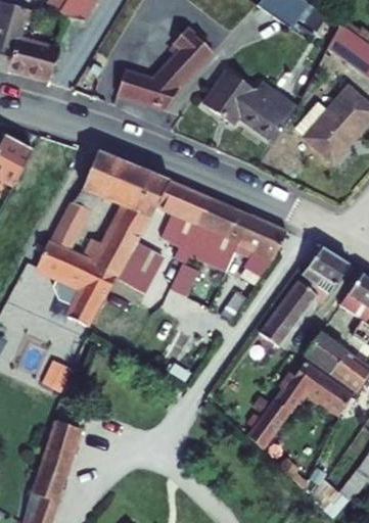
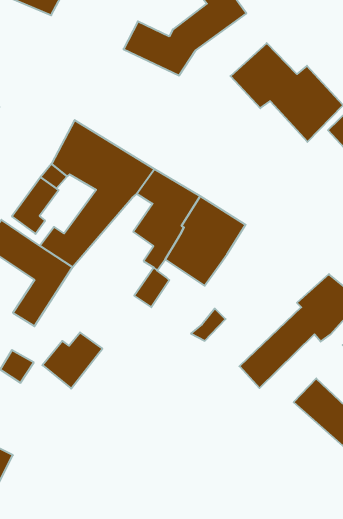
building: [229,218,280,285] -> none
building: [110,249,157,296] -> [42,332,102,389]
building: [247,360,350,450] -> none

